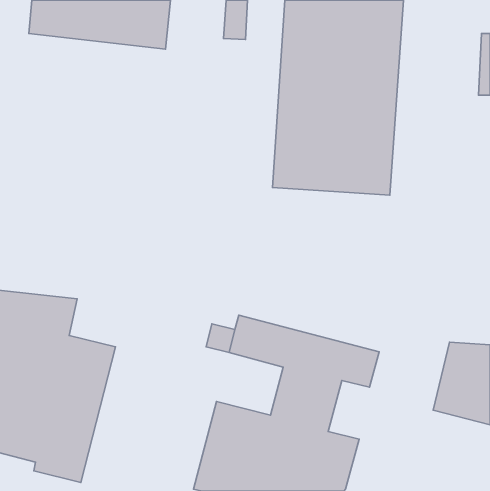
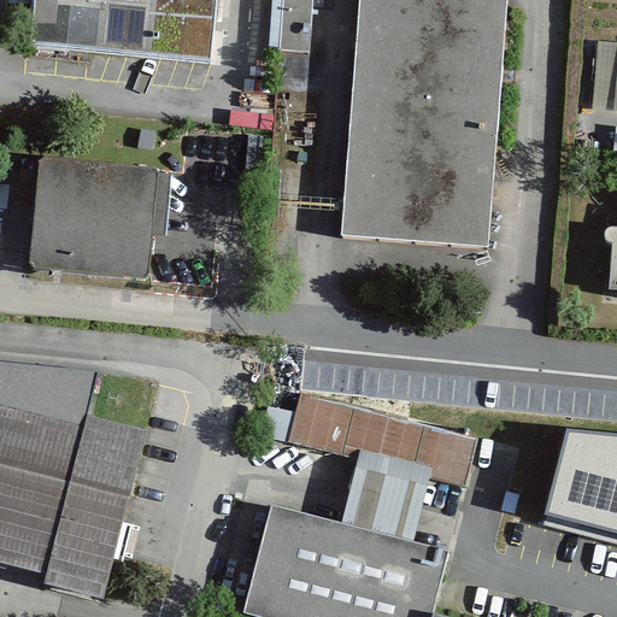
building: none -> [31,159,155,274]

